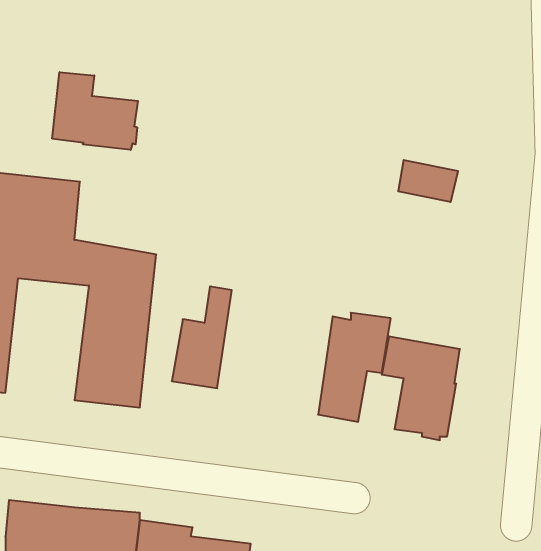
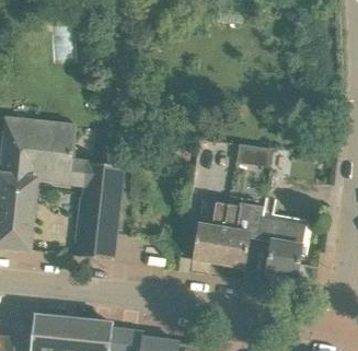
building: [52,72,138,150] -> none
building: [398,160,458,202] -> [238,141,274,166]
building: [172,286,232,388] -> [192,201,228,262]

